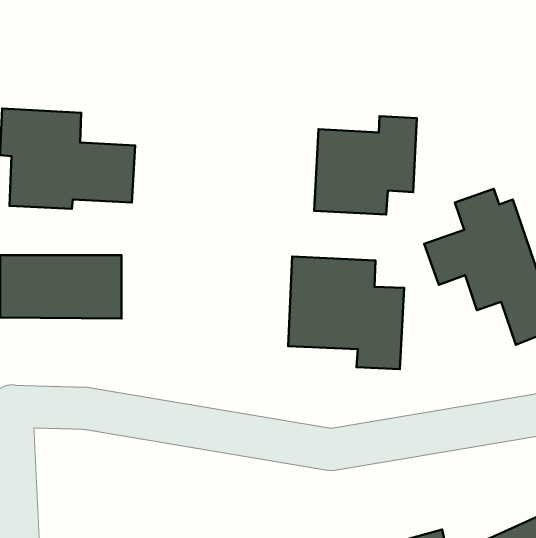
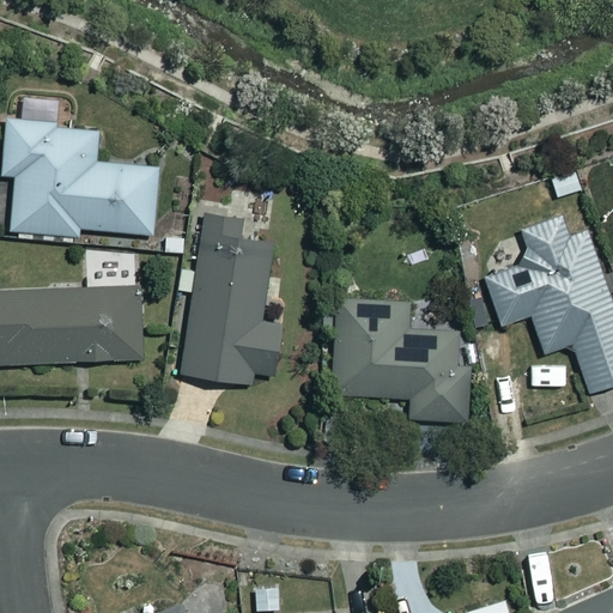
building: [314,116,417,215] -> none
building: none -> [184,216,284,383]

